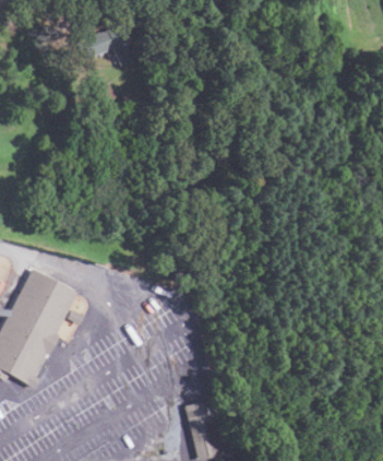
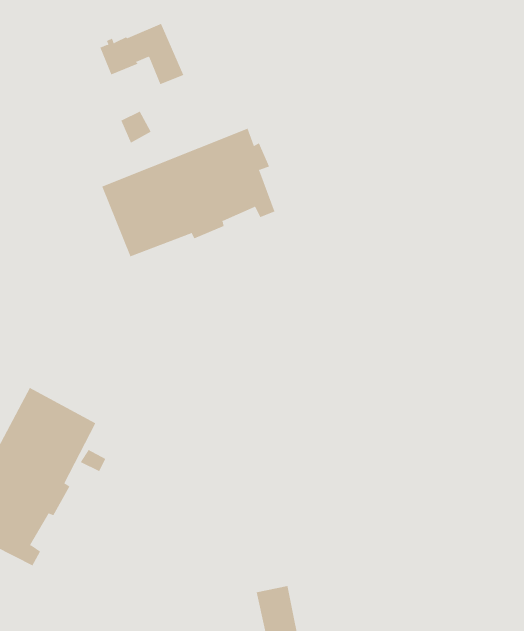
building: none -> [102,128,275,257]

